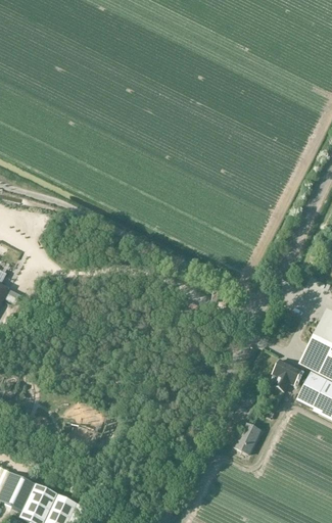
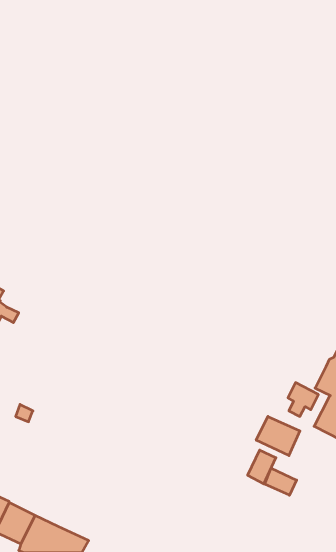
building: none -> [256,416,300,456]
building: none -> [265,468,297,495]

